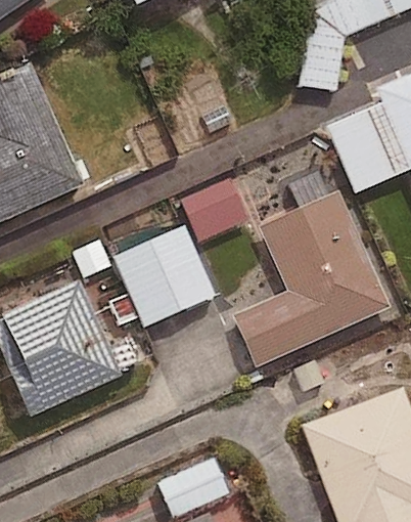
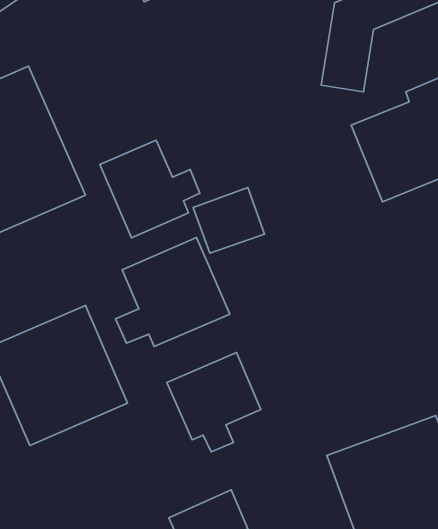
building: none -> [100,140,200,238]
building: [233,194,385,364] -> none
building: none -> [167,352,261,452]

